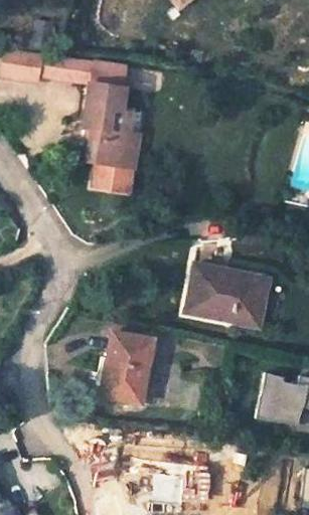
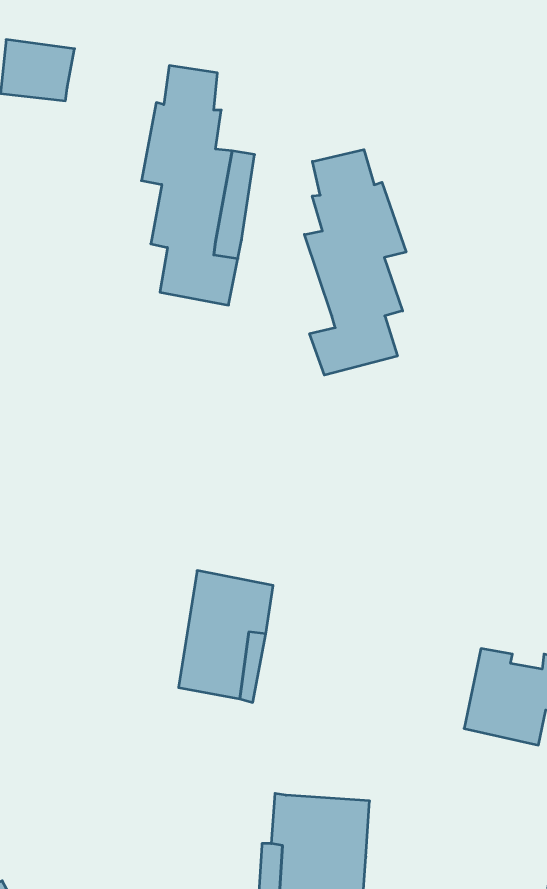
building: [42,50,98,80] -> none
building: none -> [304,150,406,375]
building: [184,264,265,324] -> none

